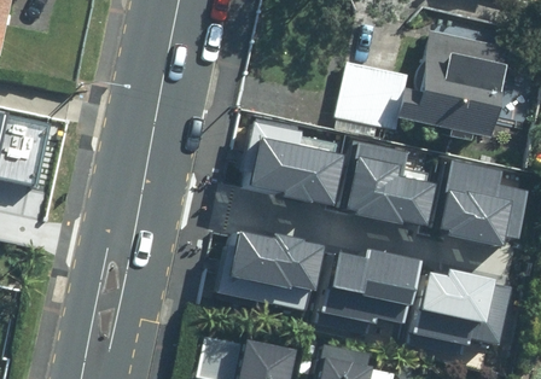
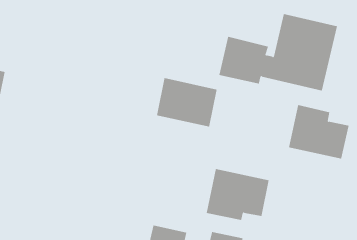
building: [343,140,431,215] -> none
building: [223,235,314,308] -> none
building: [412,273,506,348] -> none

